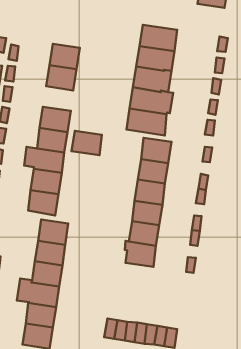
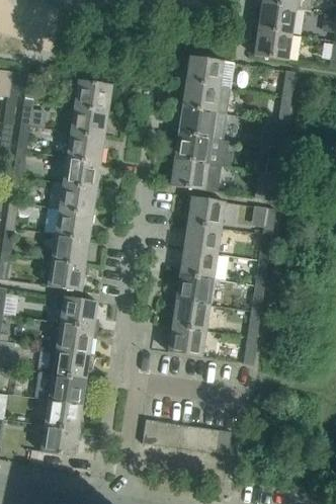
building: none -> [254,29,291,61]
building: [72,131,102,155] -> [67,132,104,162]

